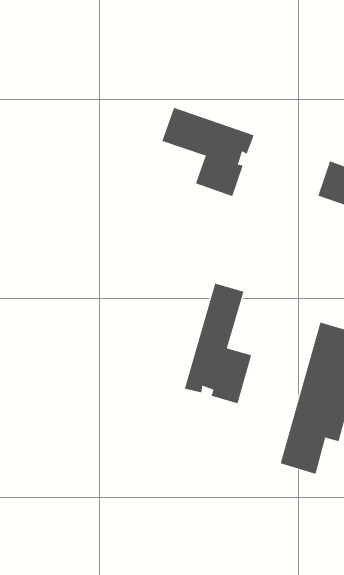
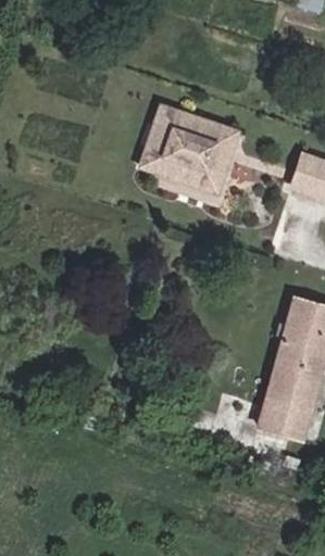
building: none -> [143,139,191,177]
building: [184,283,252,404] -> none

